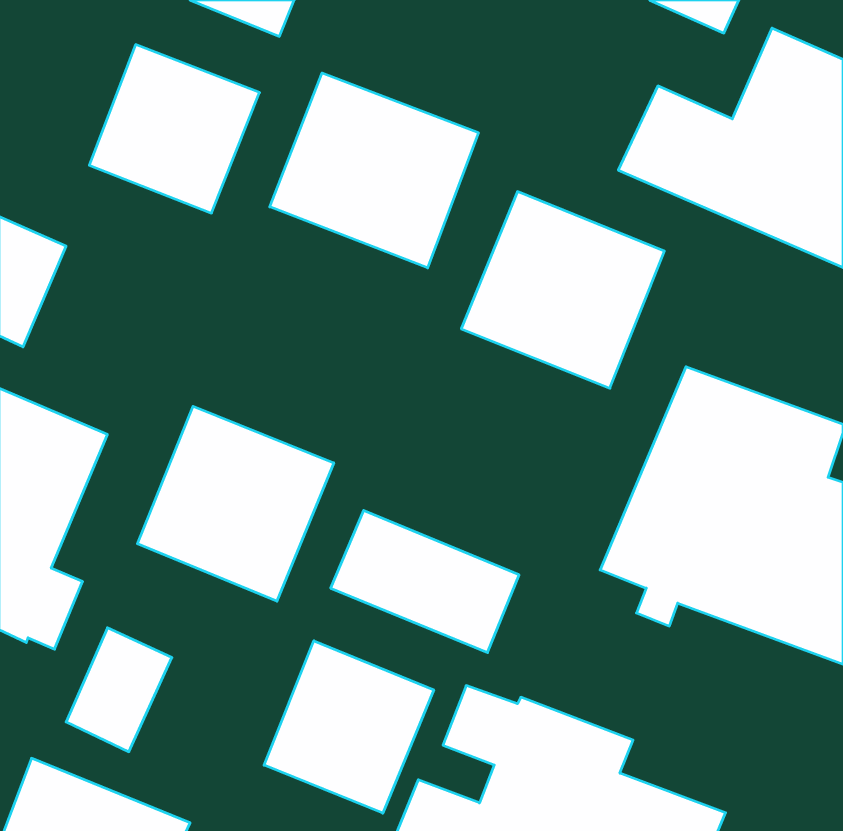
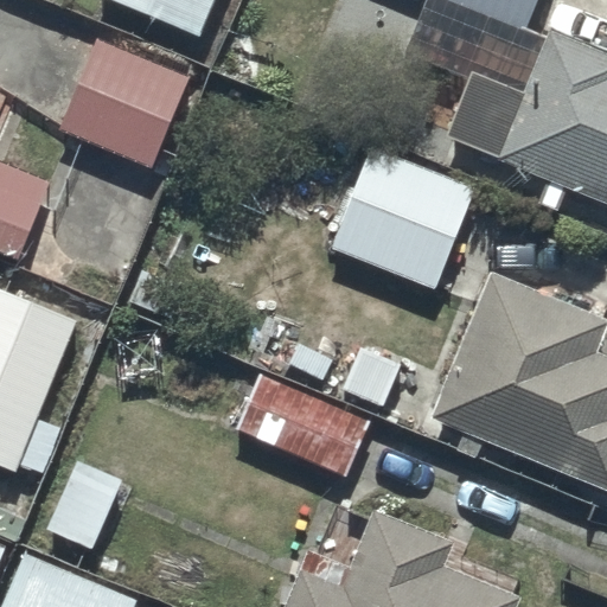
building: [270,73,478,268] -> none
building: [137,406,334,601] -> none
building: [264,641,434,813] -> none

